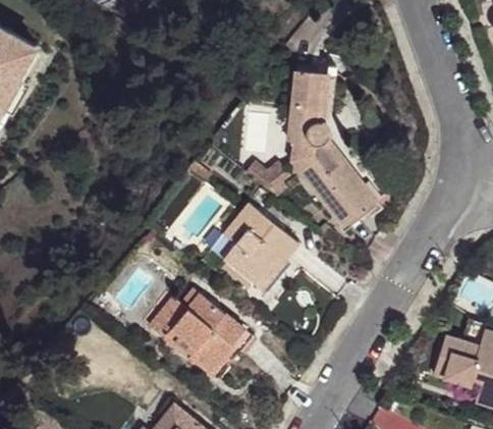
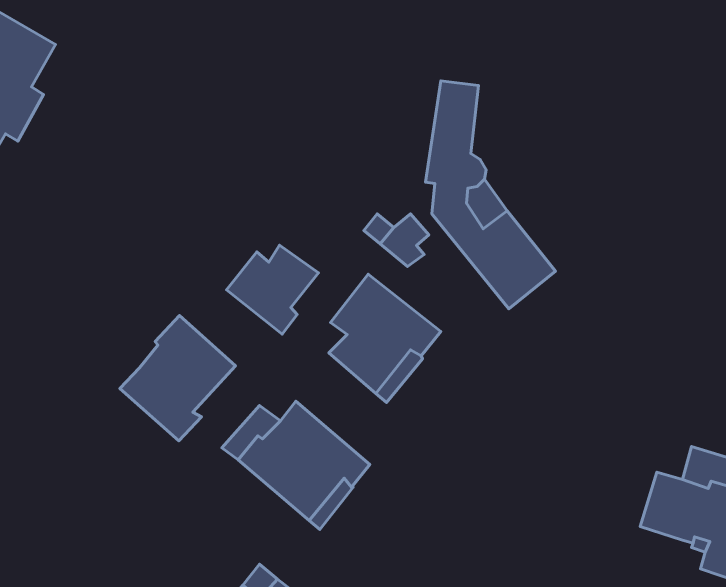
building: none -> [226,245,318,334]
building: none -> [120,315,235,441]

